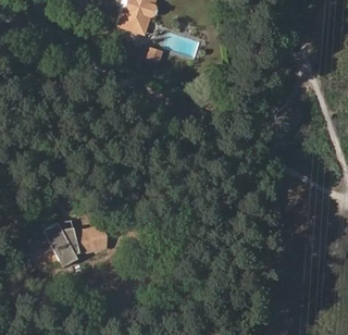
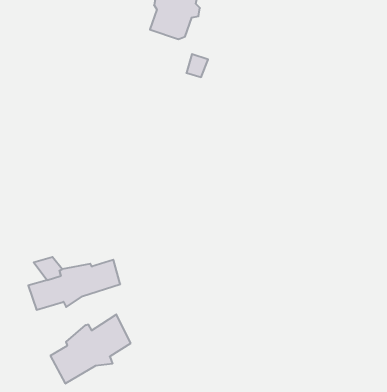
building: none -> [51,314,130,384]

